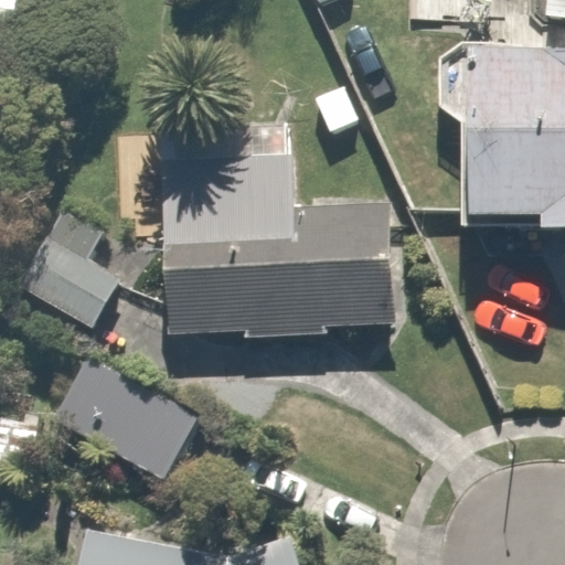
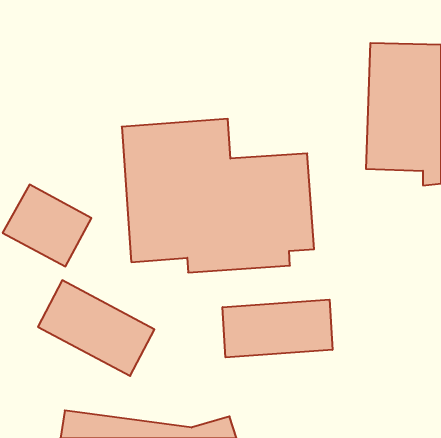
building: none -> [223,300,332,357]

